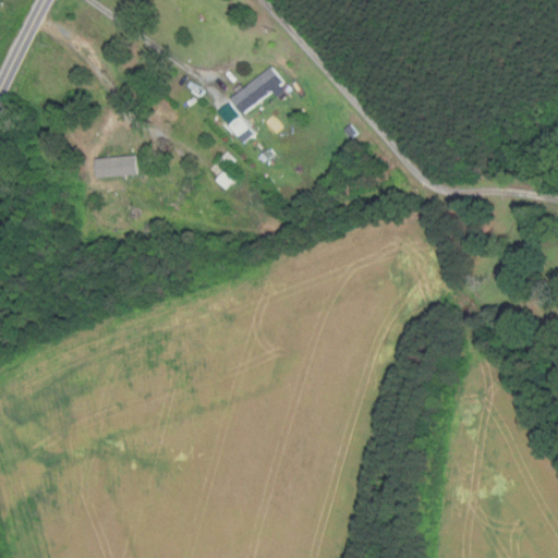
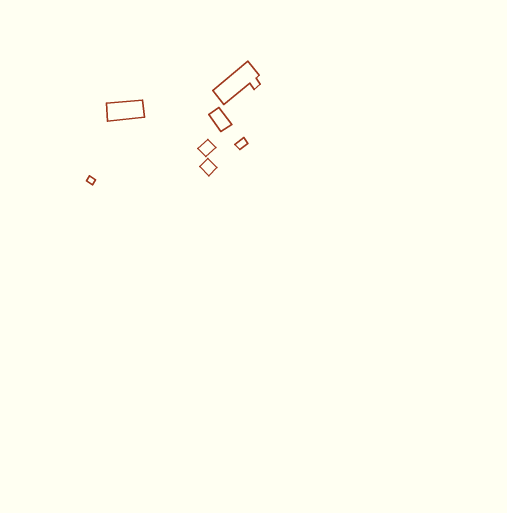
building: [95,156,136,179] -> [106,100,145,121]

